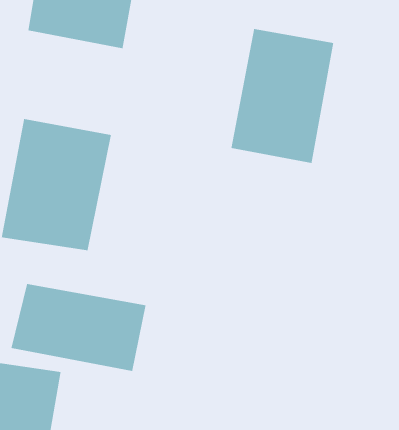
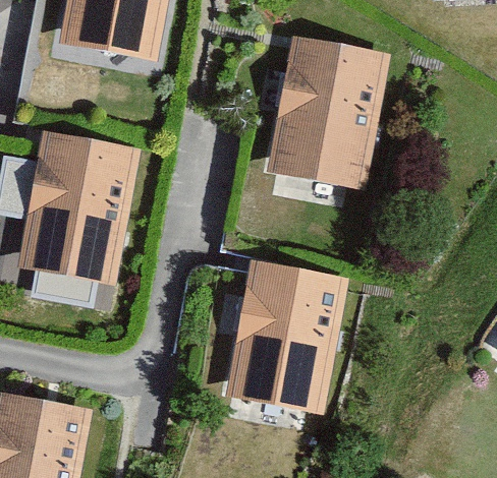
building: none -> [223,261,342,408]
building: [11,283,146,372] -> none

